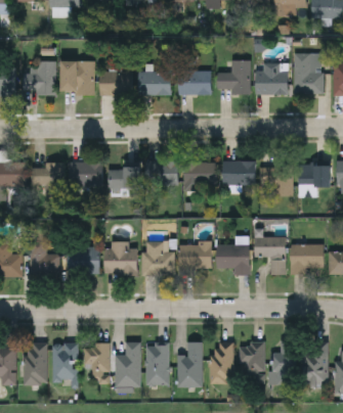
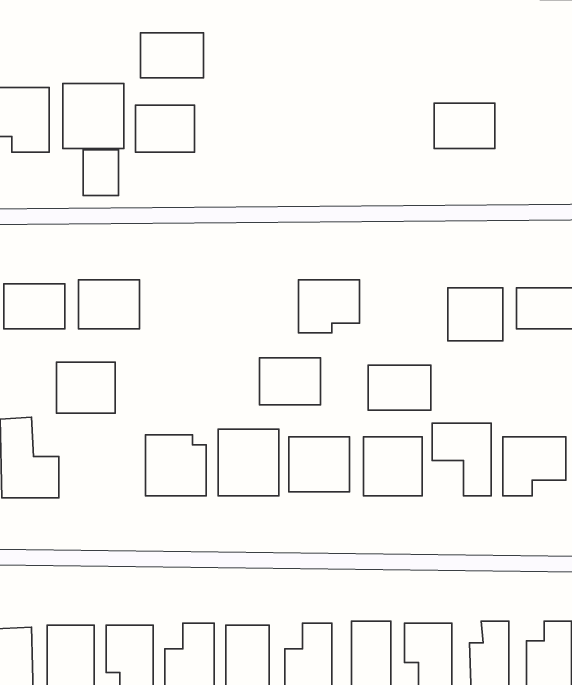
building: [293,52,321,93] -> none
building: [217,60,250,94] -> none
building: [177,71,211,94] -> none
building: [138,72,171,95] -> [141,33,203,78]
building: none -> [83,150,119,196]
building: [222,160,255,184] -> [368,365,431,410]
building: [145,162,177,186] -> [260,358,320,405]
building: [108,163,139,188] -> none
building: [68,246,98,273] -> [56,362,115,413]

